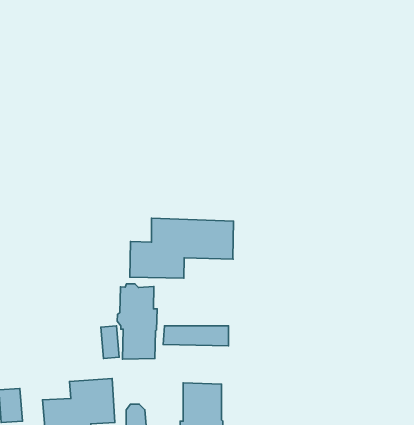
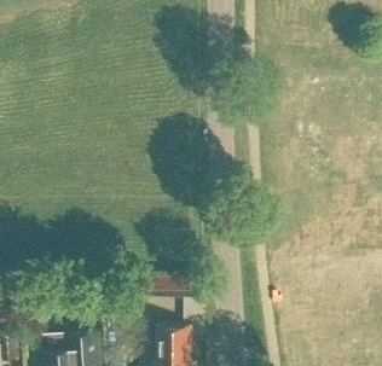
building: [130,218,234,278] -> none
building: [117,284,157,359] -> none

